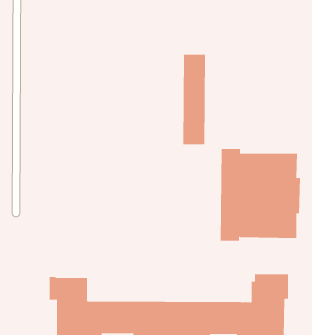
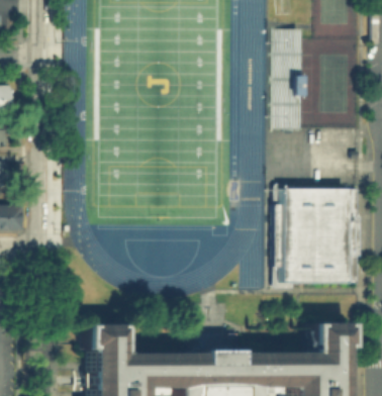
building: [182,54,206,145] -> [274,28,300,129]

